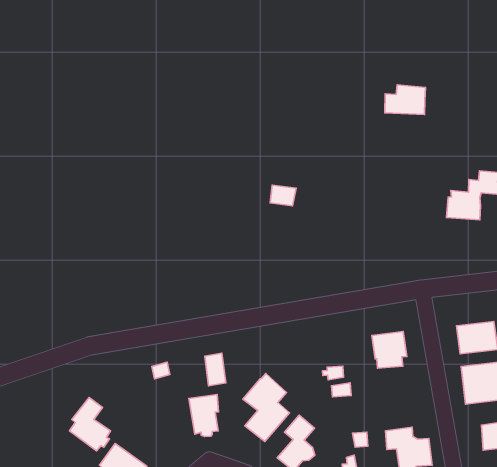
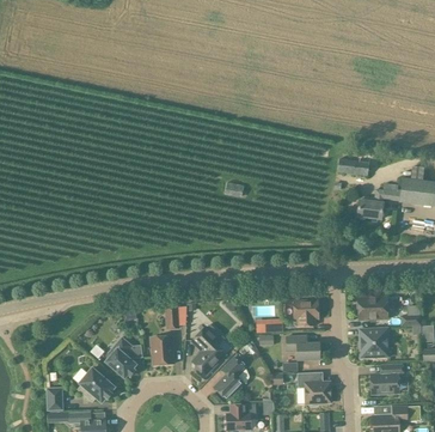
building: [385,85,426,114] -> [338,152,370,176]
building: none -> [287,336,320,359]
building: [70,398,111,451] -> [106,337,137,378]

